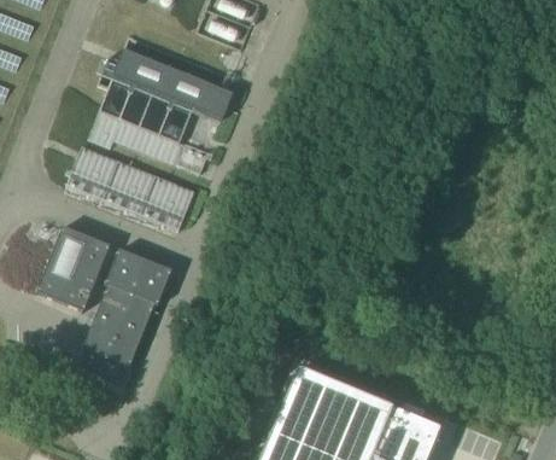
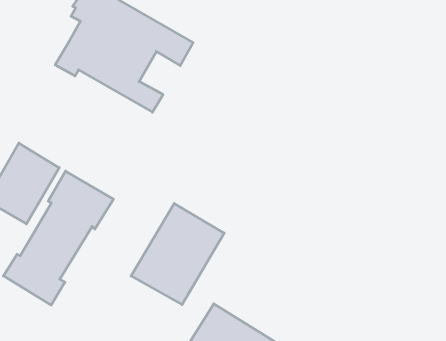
building: [68,147,195,231] -> none
building: none -> [131,203,224,305]

